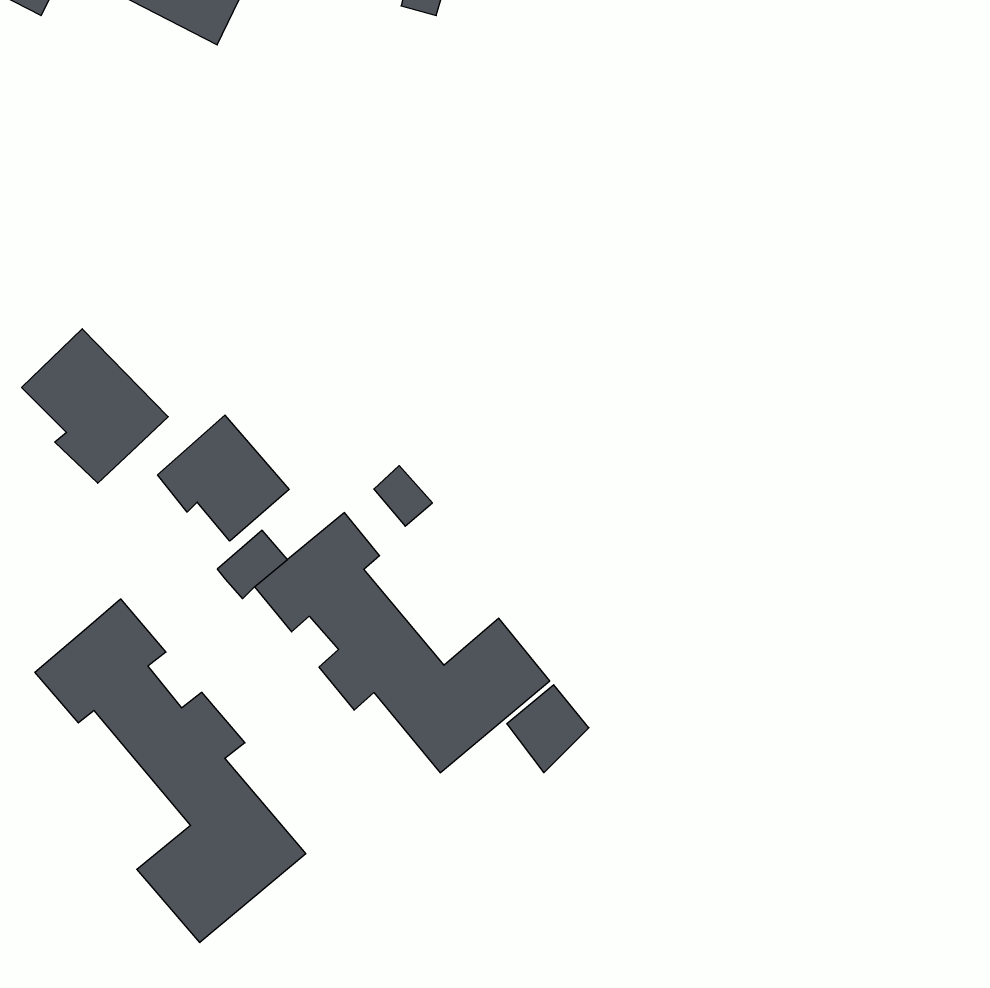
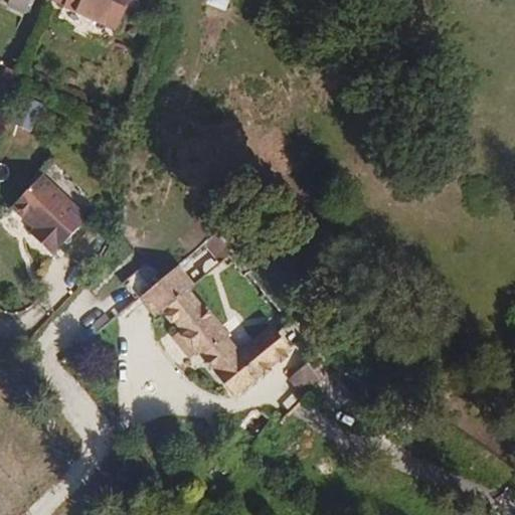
building: [158,415,289,541] -> none
building: [35,599,306,943] -> none

